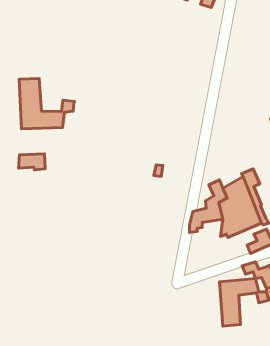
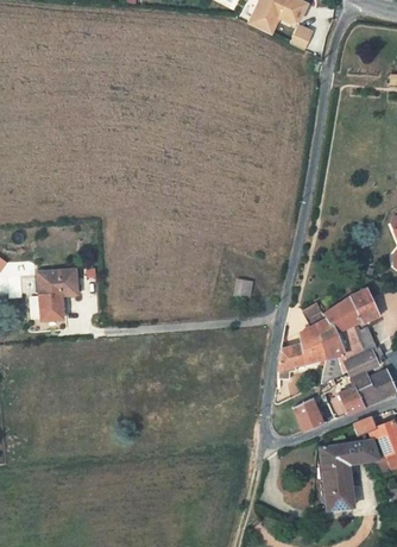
building: [19,78,75,129] -> none
building: none -> [33,283,57,310]
building: none -> [340,372,373,413]
building: none -> [290,397,334,429]

